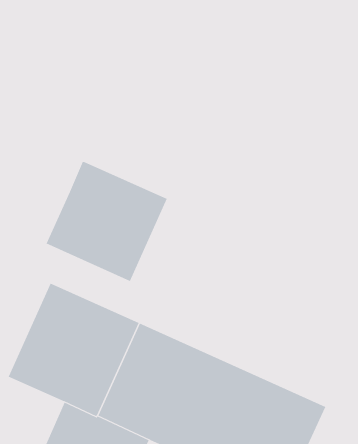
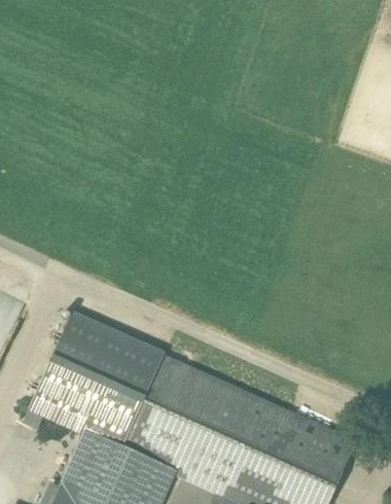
building: [46,161,168,282] -> none

